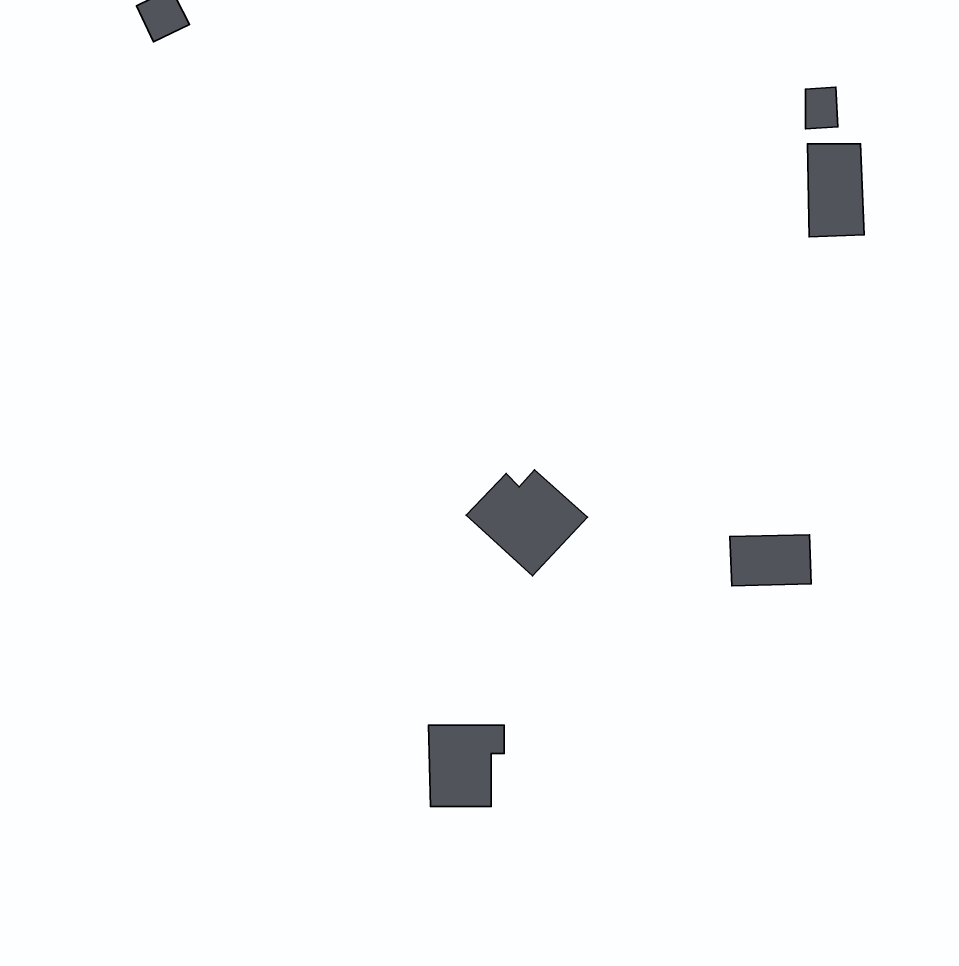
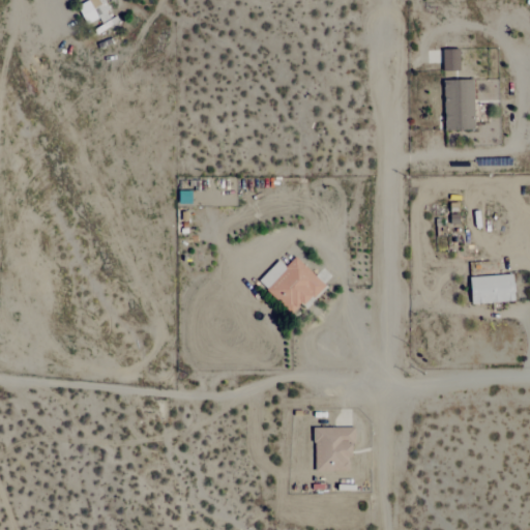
building: [730,535,811,586] -> [472,274,517,302]
building: [429,725,504,807] -> [316,426,357,471]

